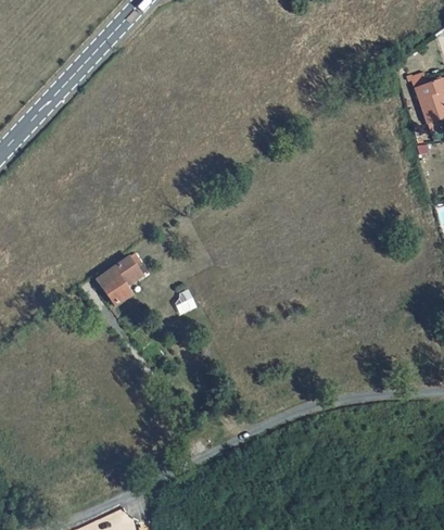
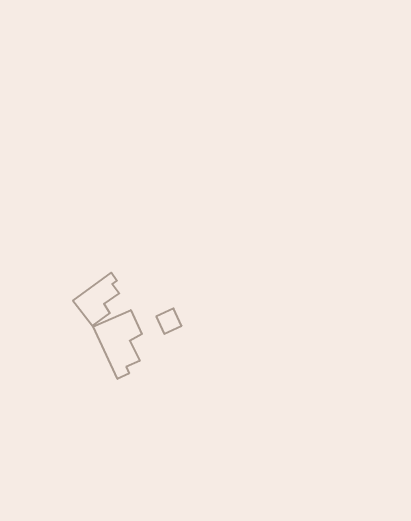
building: none -> [93,310,142,379]

